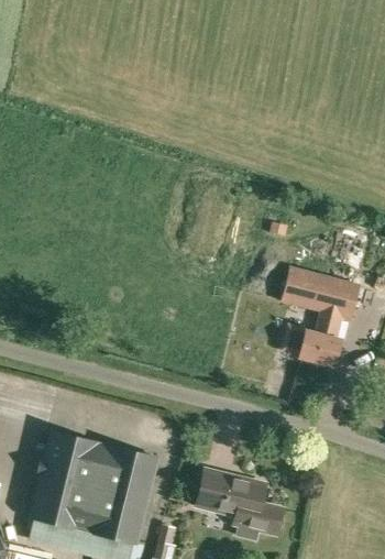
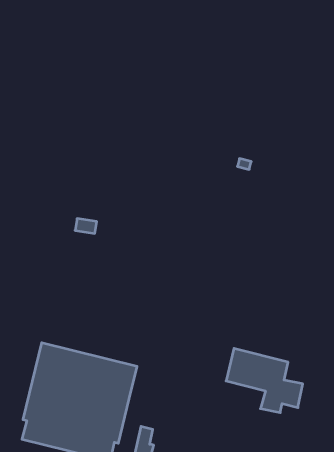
building: [282,265,362,365] -> none
building: [197,468,283,539] -> [226,348,303,413]

